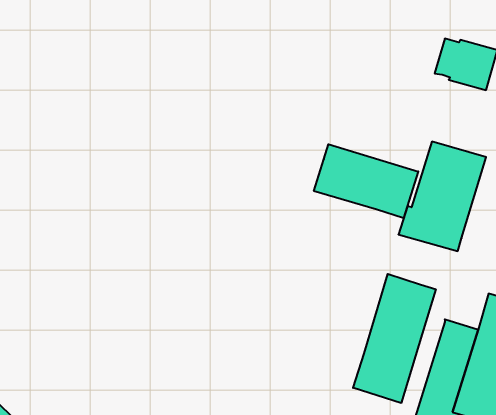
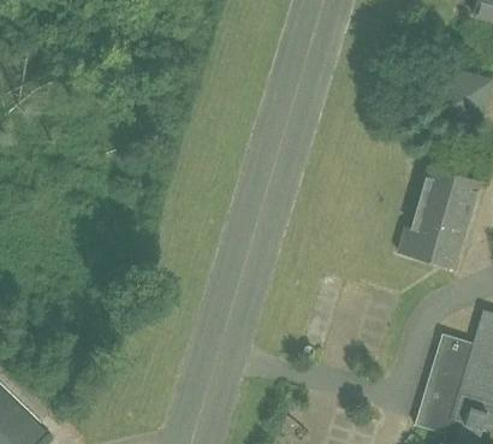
building: [314,144,418,218] -> none
building: [353,274,436,403] -> none

